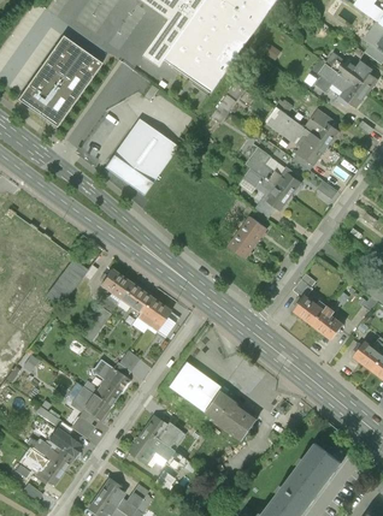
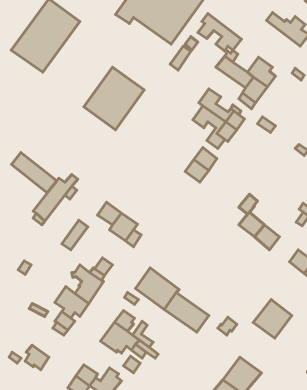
building: [314,63,367,108] -> [198,14,242,51]
building: none -> [11,152,57,193]
building: [99,267,132,298] -> none
building: [24,428,73,470] -> none
building: [294,443,341,490] -> [253,300,292,338]

